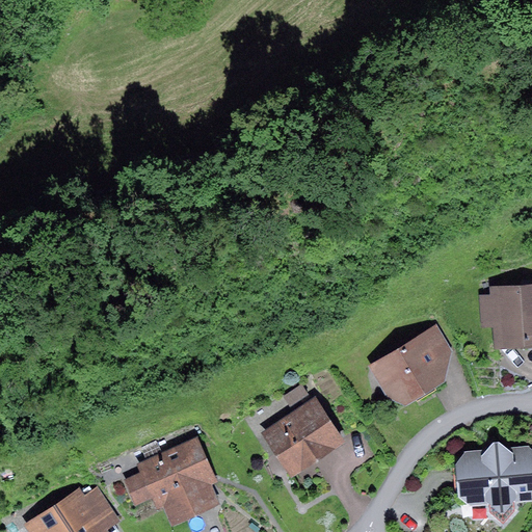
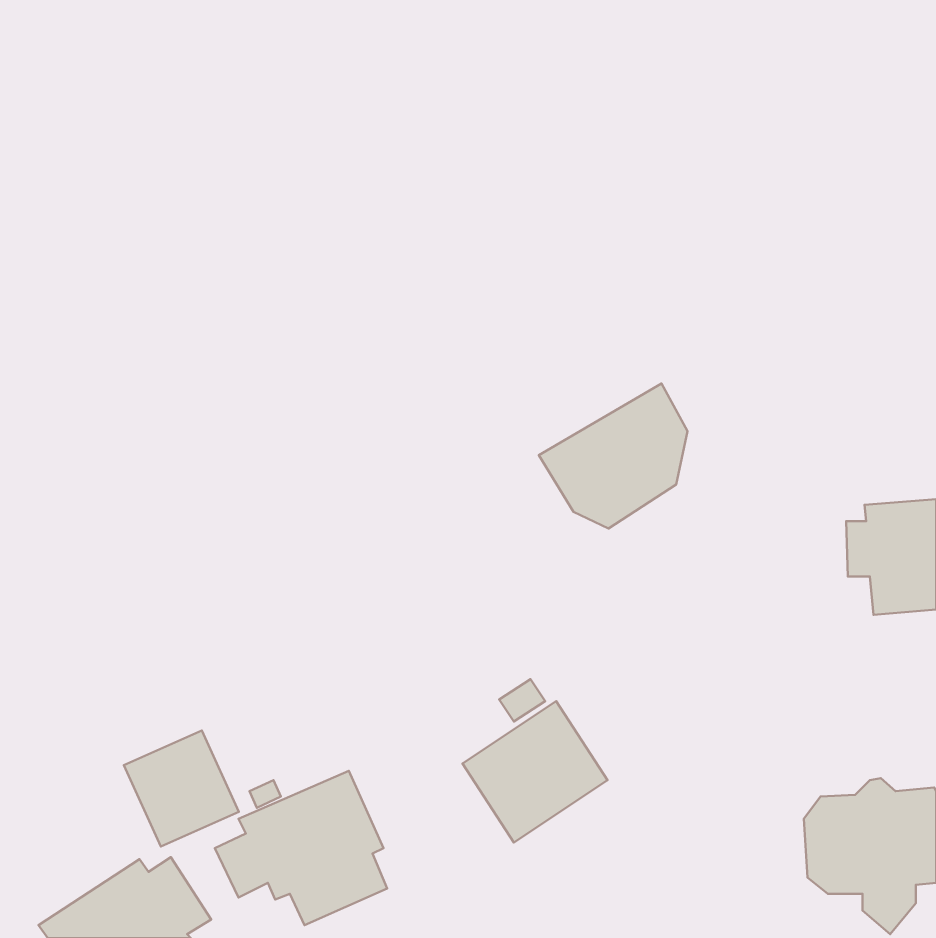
building: [367,324,451,406] -> [539,384,687,529]
building: none -> [124,731,239,846]

